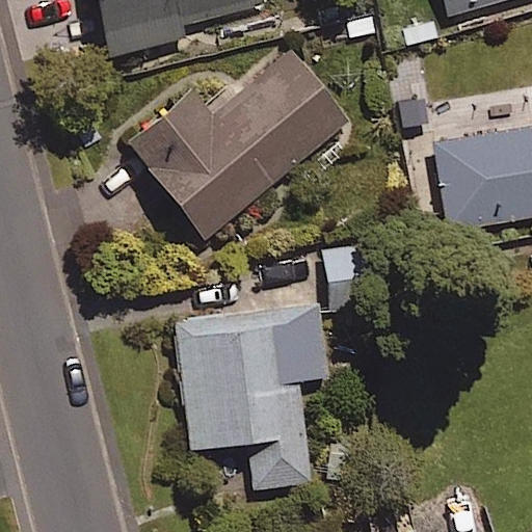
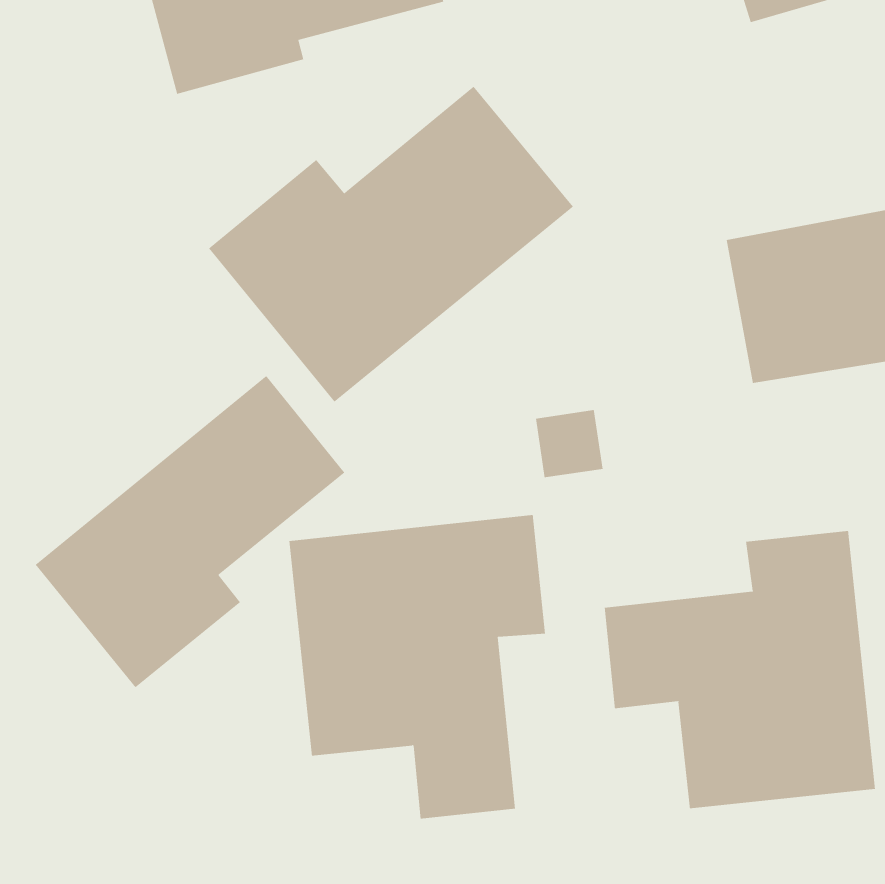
building: none -> [35,375,345,688]
building: none -> [604,530,875,809]

